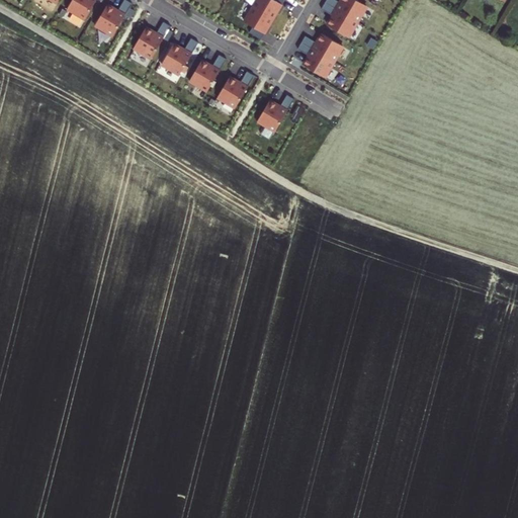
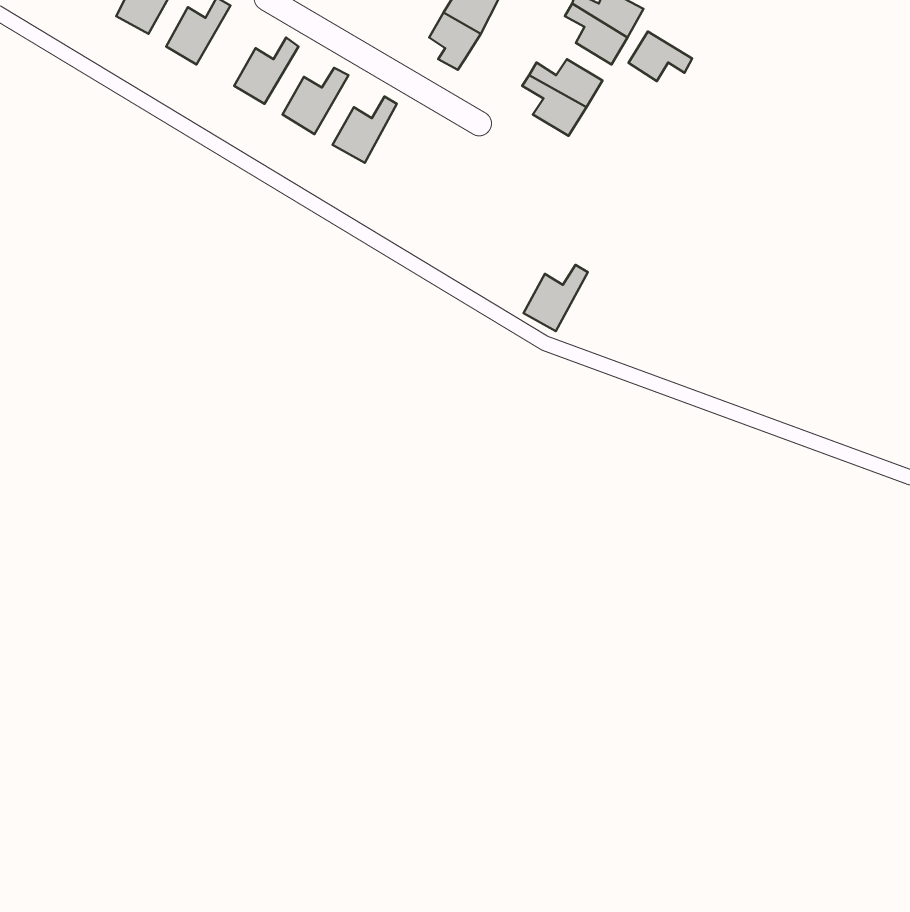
building: none -> [629,31,692,81]
building: [215,71,253,108] -> none
building: [256,95,292,133] -> [524,265,588,331]

